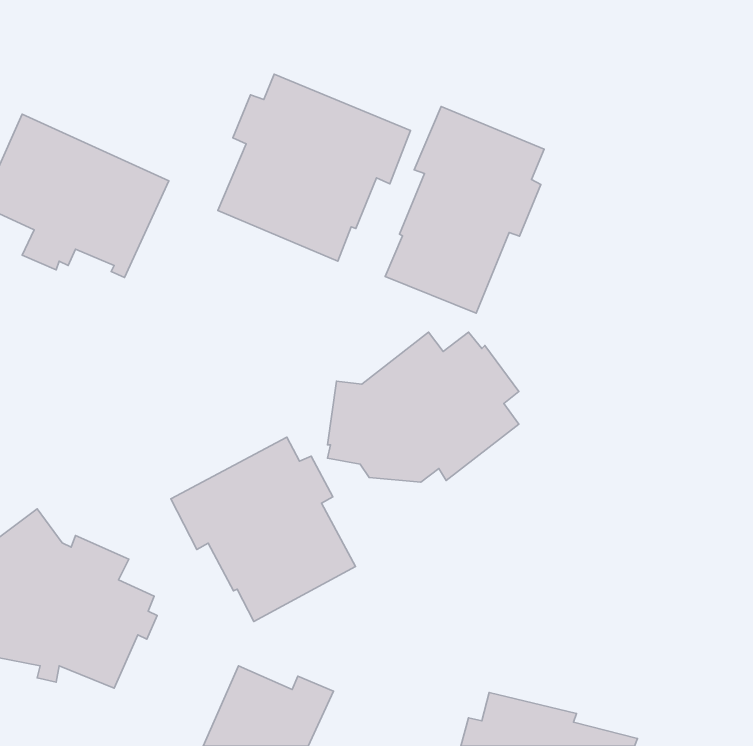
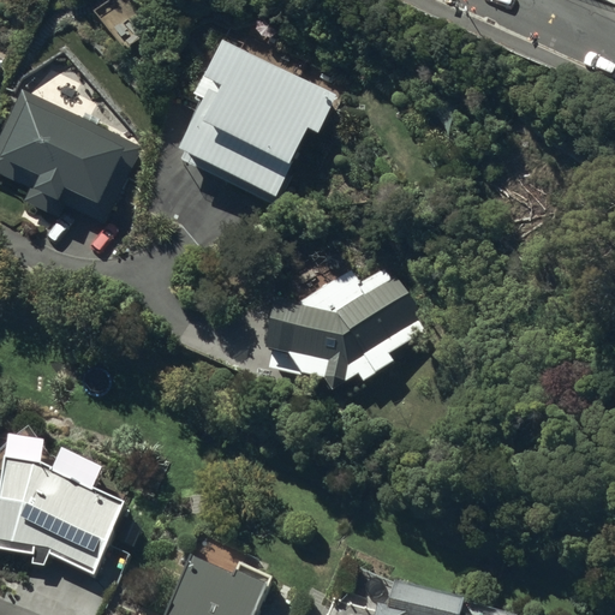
building: [385,107,544,313] -> none
building: [171,437,356,622] -> none

